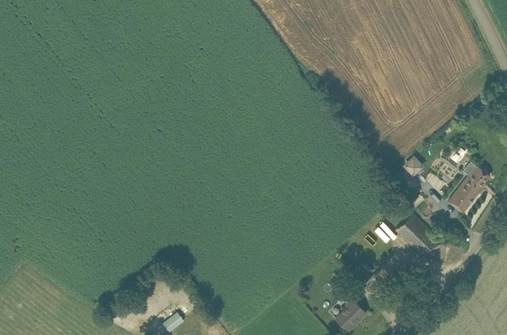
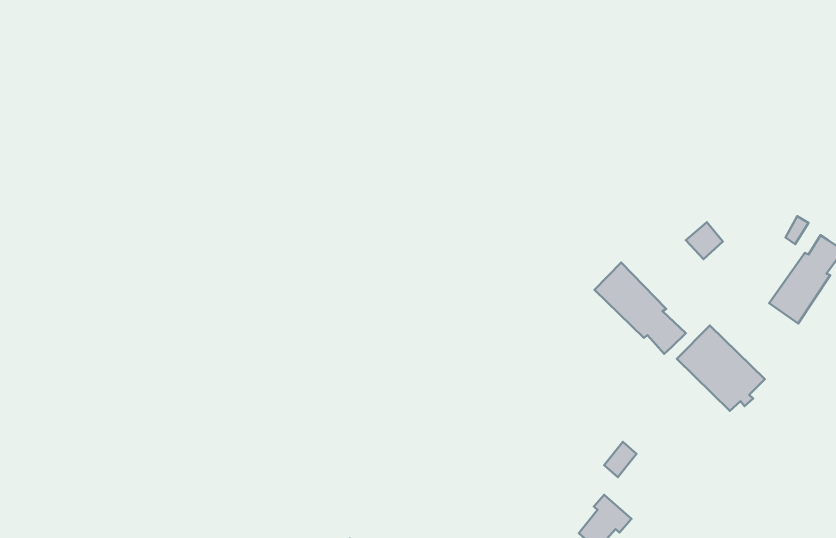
building: none -> [595,263,686,354]

